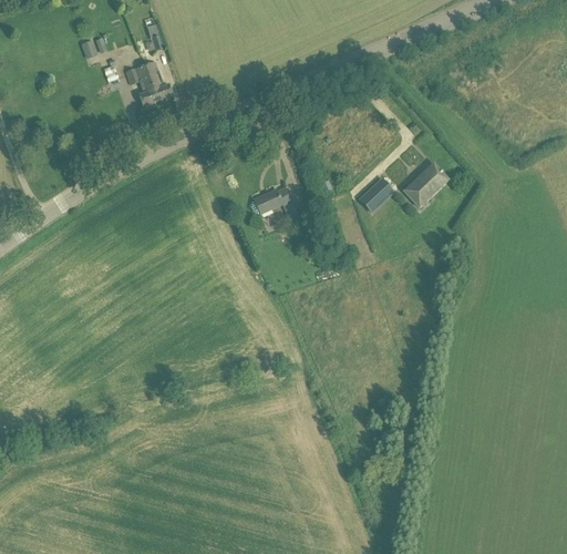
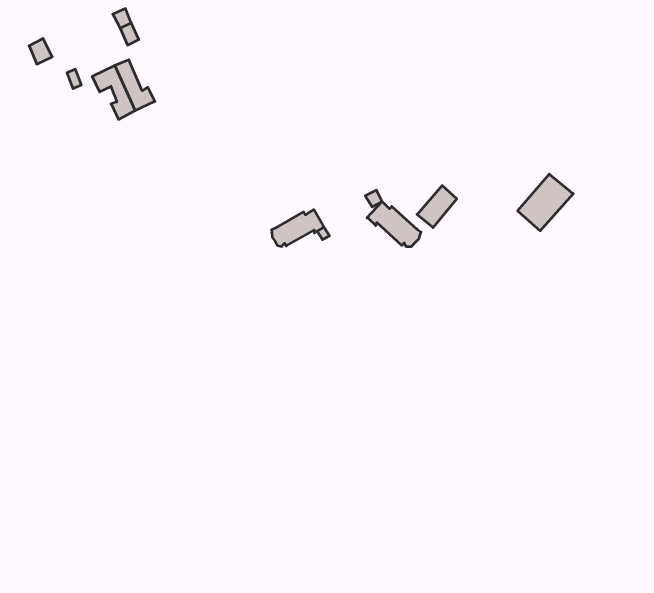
building: [403,164,446,206] -> [518,174,573,231]
building: none -> [367,202,421,247]

